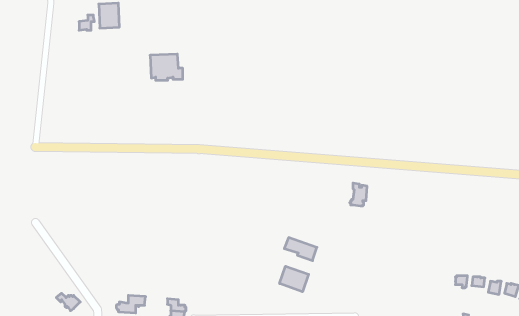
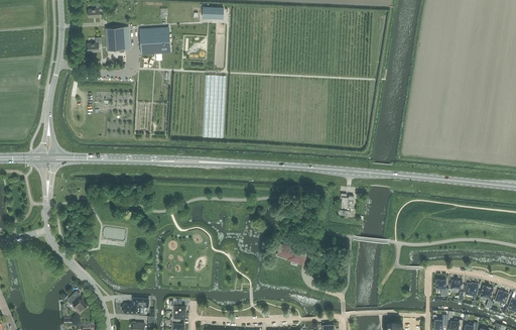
building: [150,54,183,80] -> [140,28,170,52]
building: [280,266,309,292] -> none

